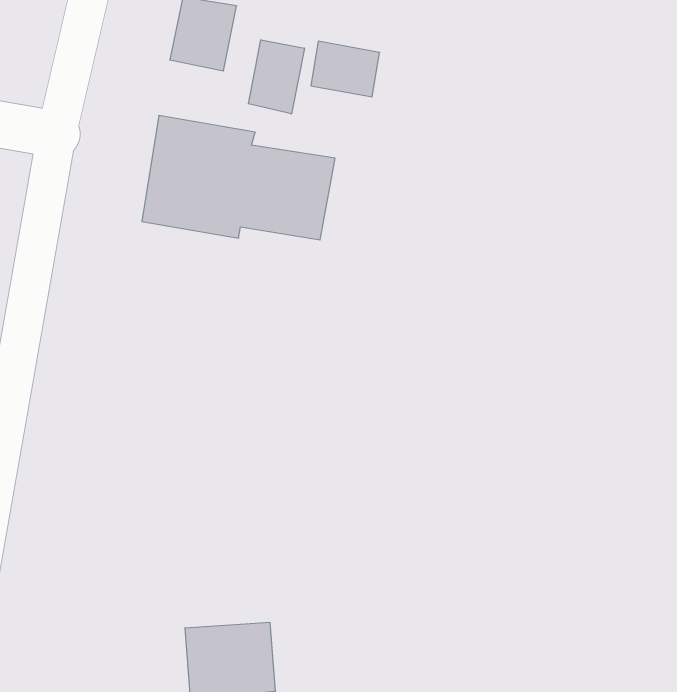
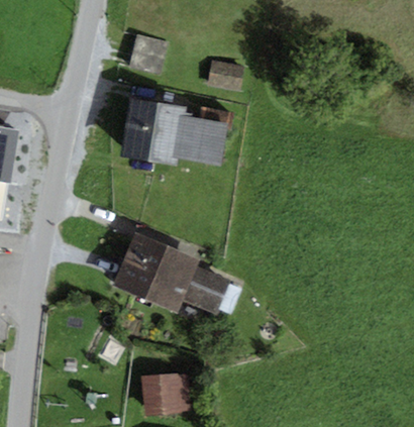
building: [248,40,304,114] -> none
building: none -> [109,230,228,316]

